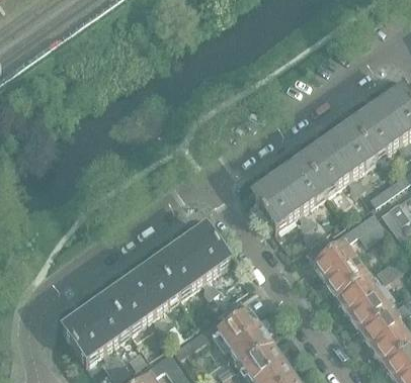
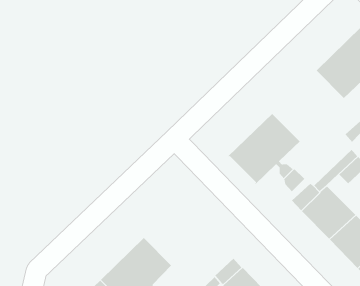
building: [300,123,373,191] -> none
building: [154,224,228,301] -> none

